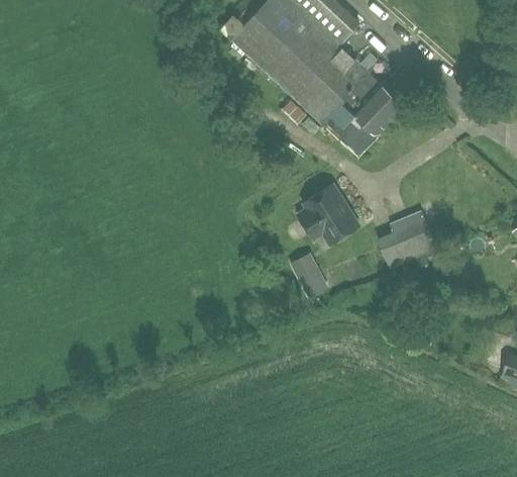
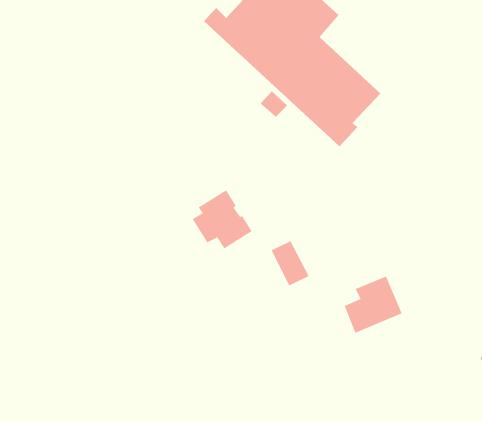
building: [298,184,359,245] -> [192,189,252,249]
building: [379,211,438,270] -> [344,276,402,333]

